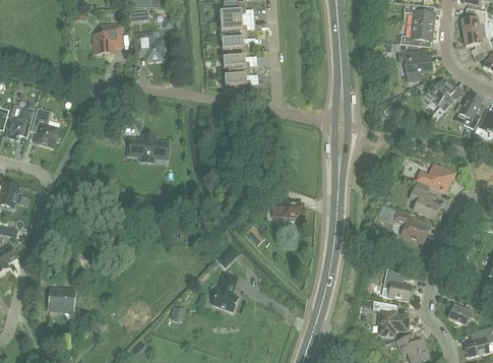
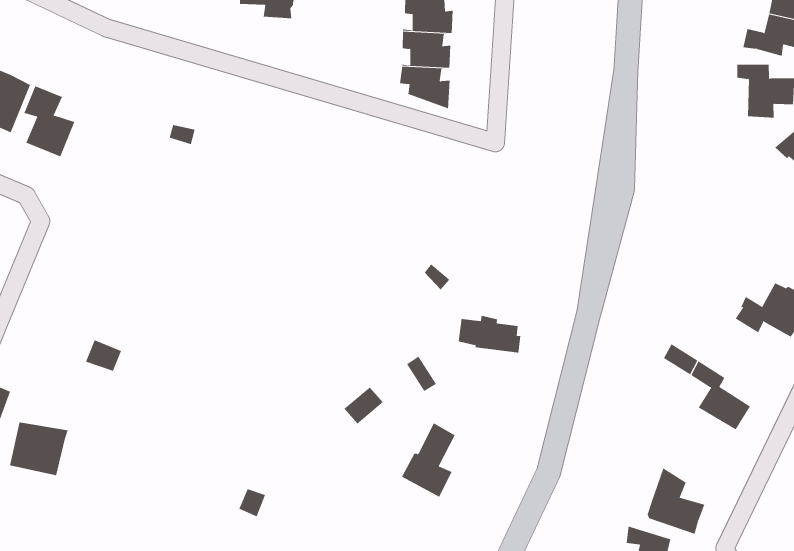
building: [128,135,169,161] -> none
building: [410,187,439,218] -> none
building: [211,273,238,311] -> [401,422,455,498]

